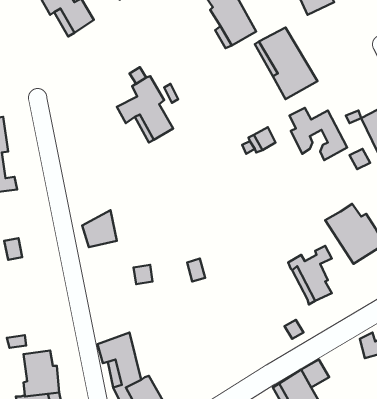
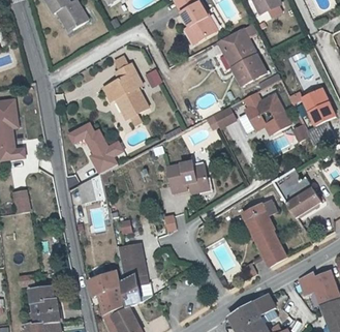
building: none -> [66,121,122,173]
building: none -> [164,161,211,193]
building: none -> [259,241,286,267]
building: none -> [114,243,148,309]

